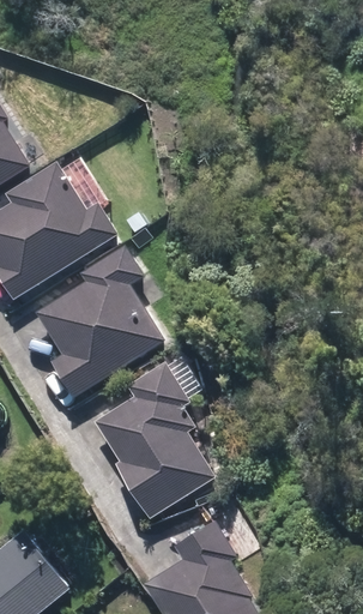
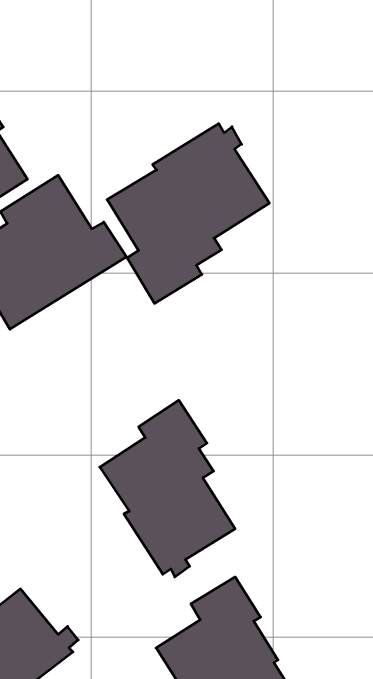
building: none -> [107,124,269,303]
building: [34,247,162,397] -> none

